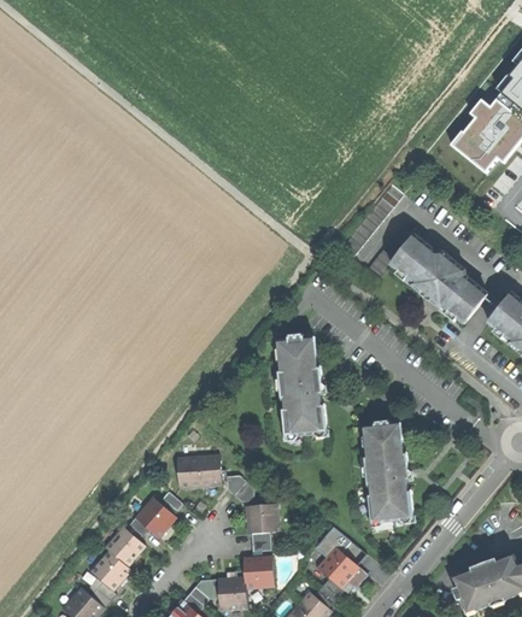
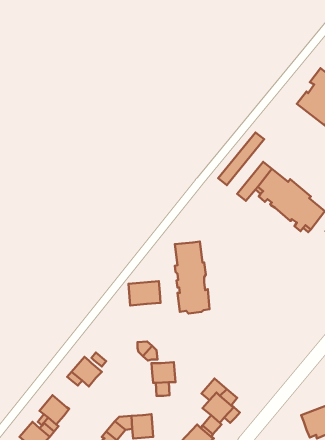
building: [363,422,412,522] -> none
building: [176,454,221,488] -> [129,281,161,306]
building: [104,525,145,566] -> none
building: [244,554,274,588] -> none

